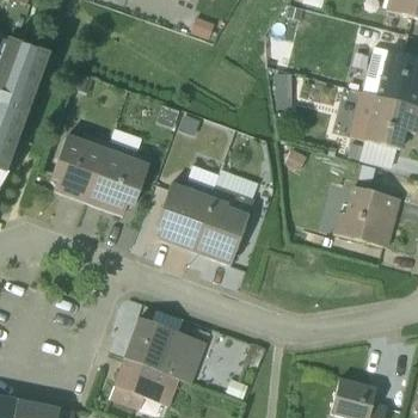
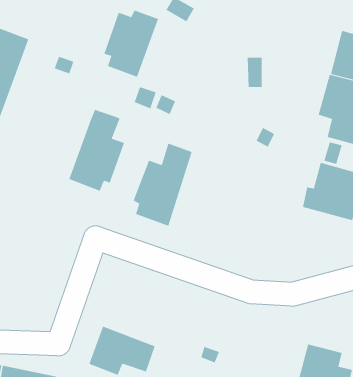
building: [50,130,109,202] -> [104,10,159,78]
building: [192,168,257,265] -> none
building: [122,316,205,383] -> none

